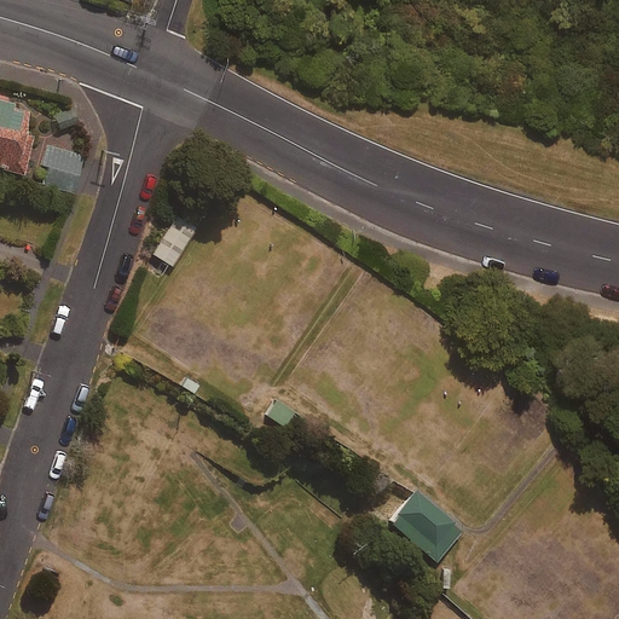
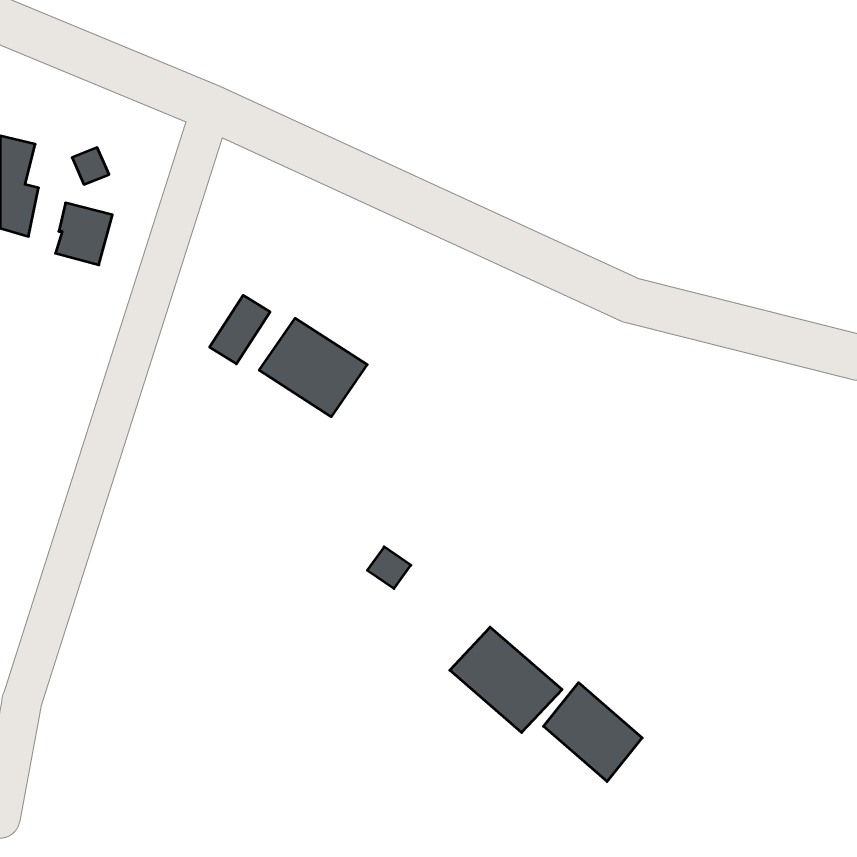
building: none -> [259,318,367,417]
building: none -> [450,627,562,733]

